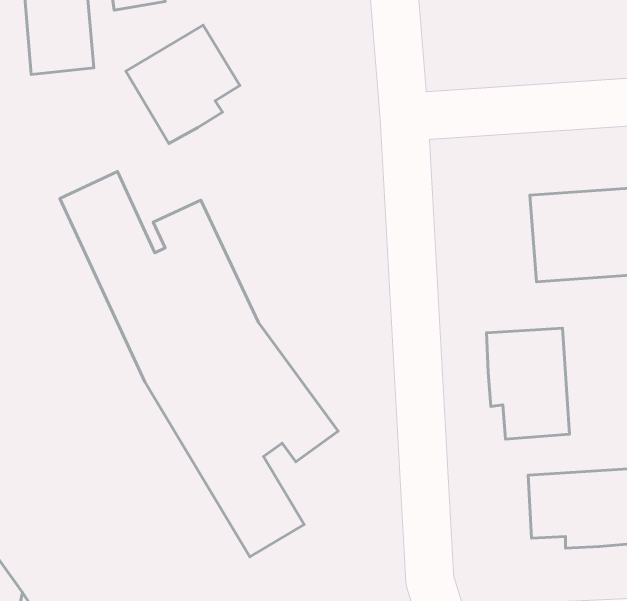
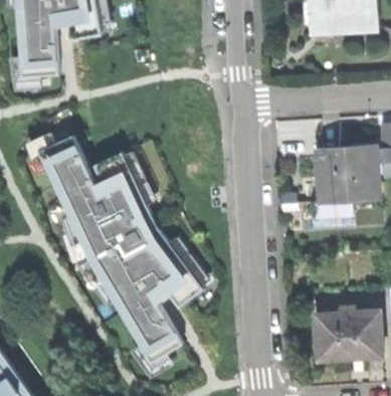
building: [126,25,240,144] -> none
building: [487,328,569,439] -> none

